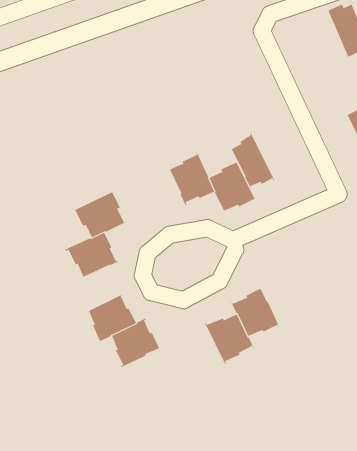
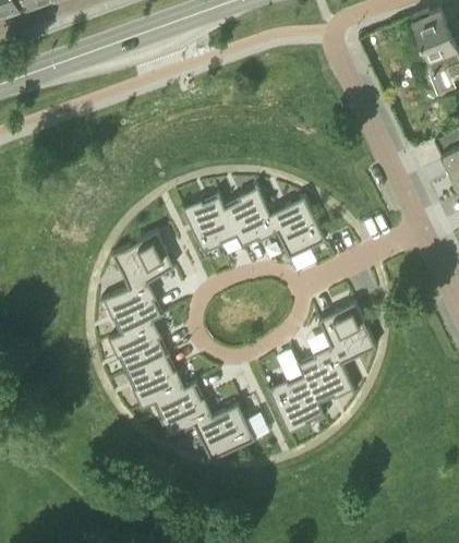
building: [231,132,275,190] -> none
building: none -> [181,192,238,256]
building: none -> [319,303,376,361]
building: none -> [109,318,169,374]
building: none -> [197,402,255,460]

